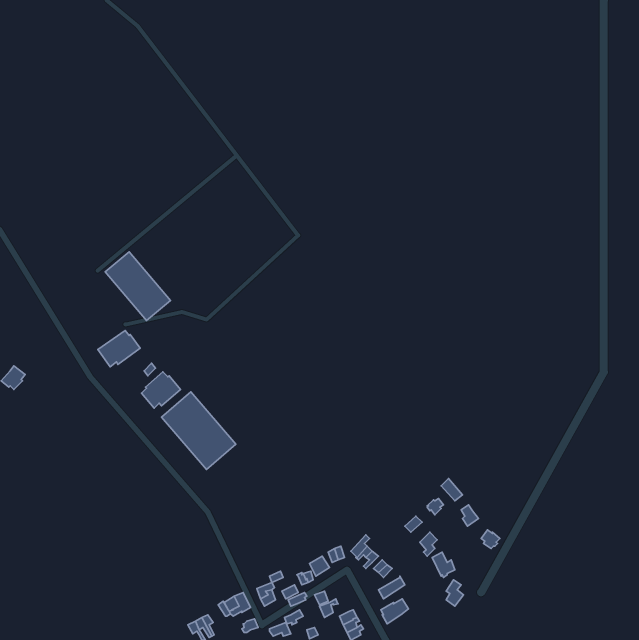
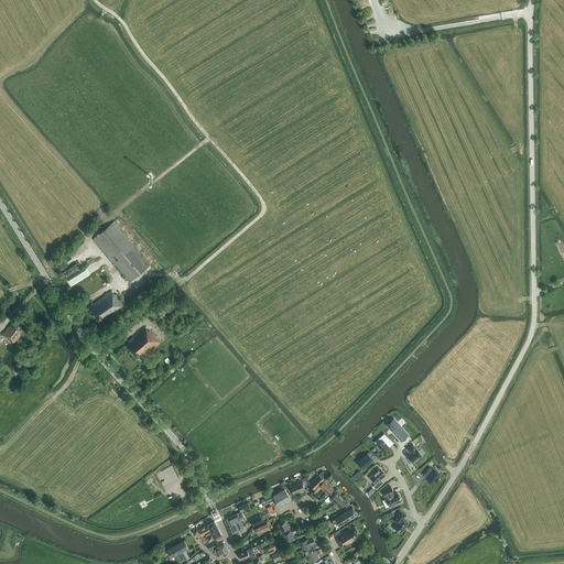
building: [162,392,236,469] -> none

